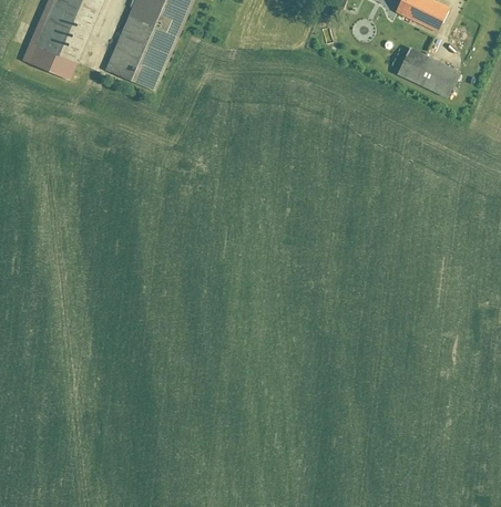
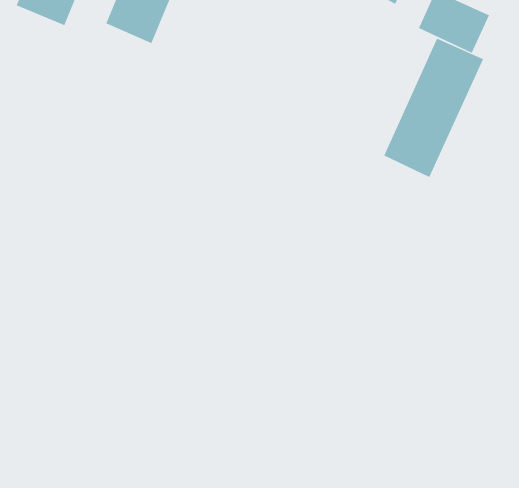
building: none -> [384,38,484,178]

